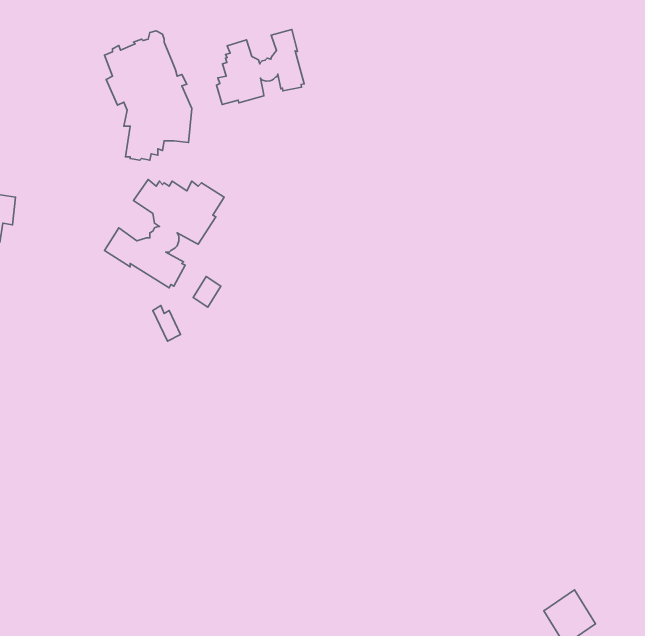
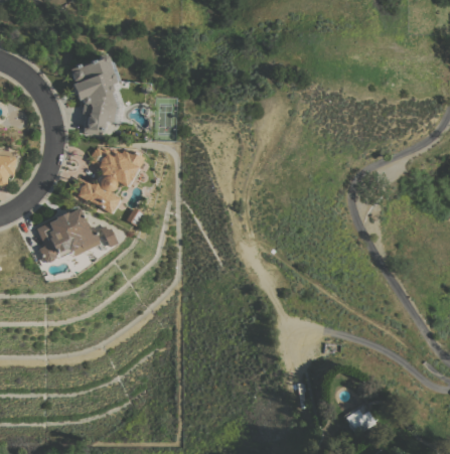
building: [217,29,304,105] -> none
building: none -> [37,207,101,262]

